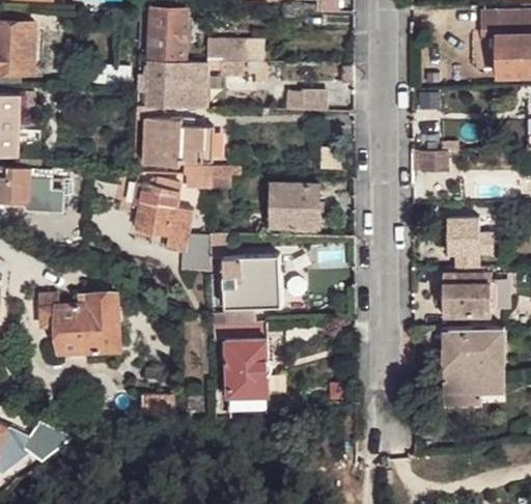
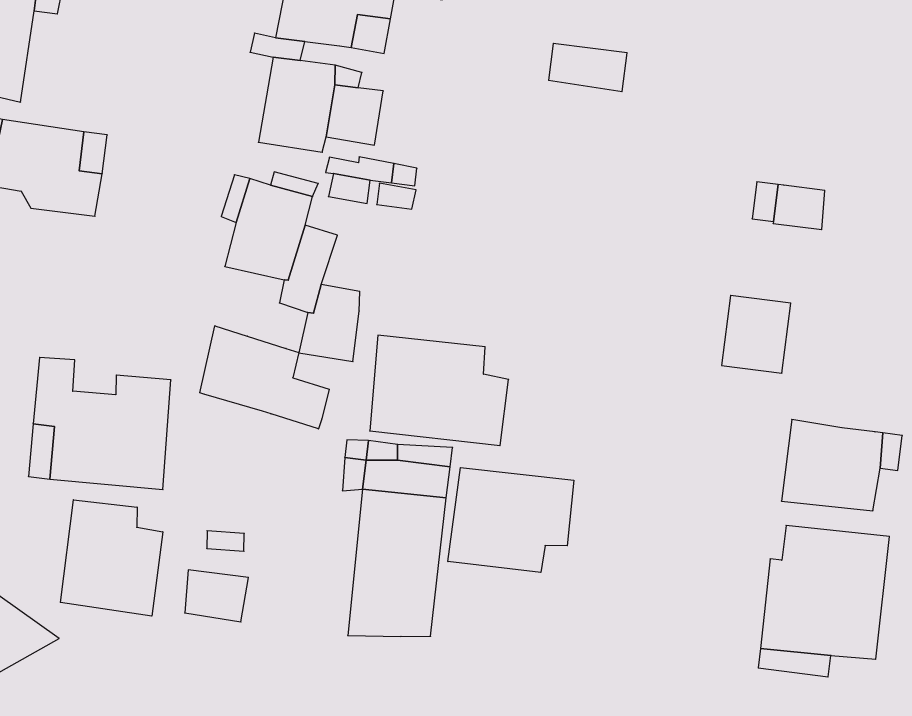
building: [270,185,319,230] -> none
building: [446,217,478,254] -> [722,295,791,373]
building: none -> [200,326,329,429]
building: none -> [448,468,574,572]
building: none -> [60,500,163,616]

